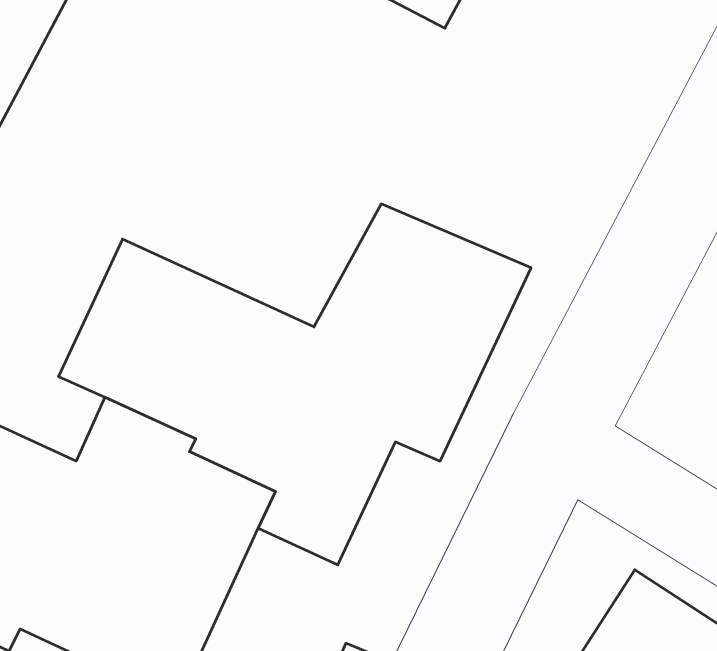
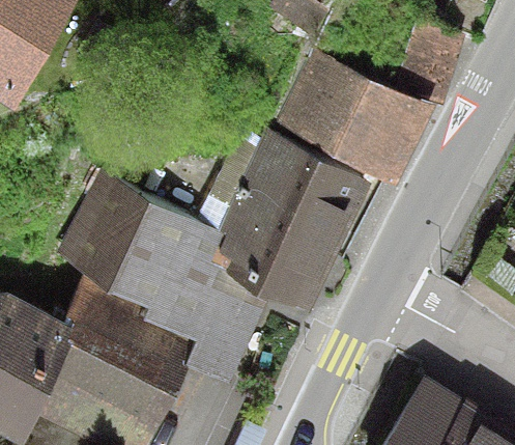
building: none -> [279,25,455,179]

